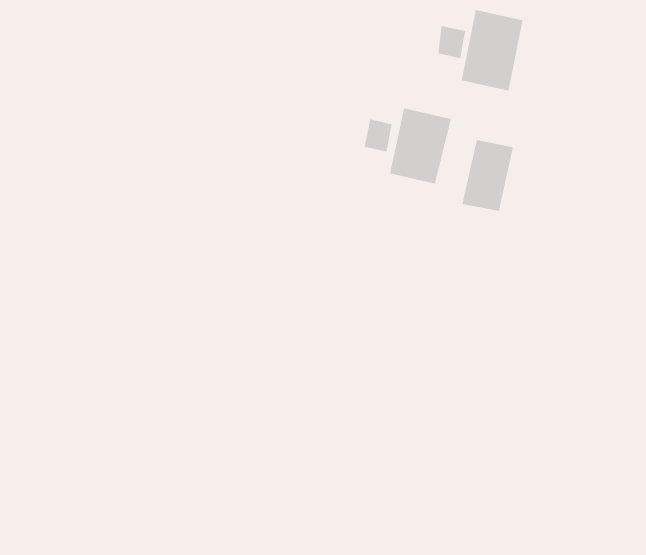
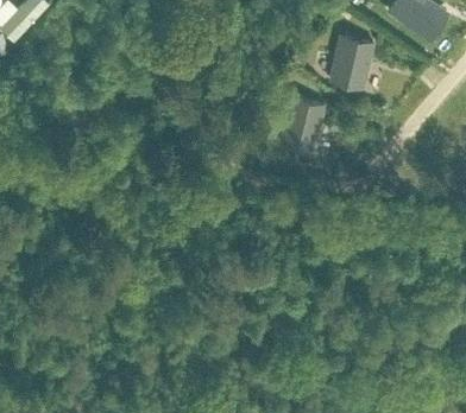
building: [462,139,514,212] -> none

